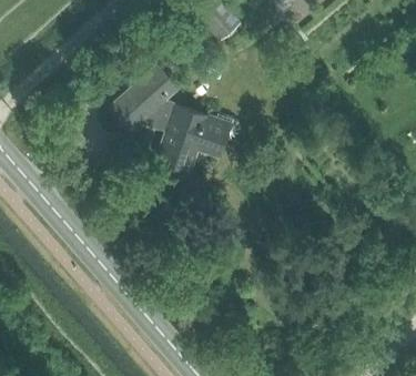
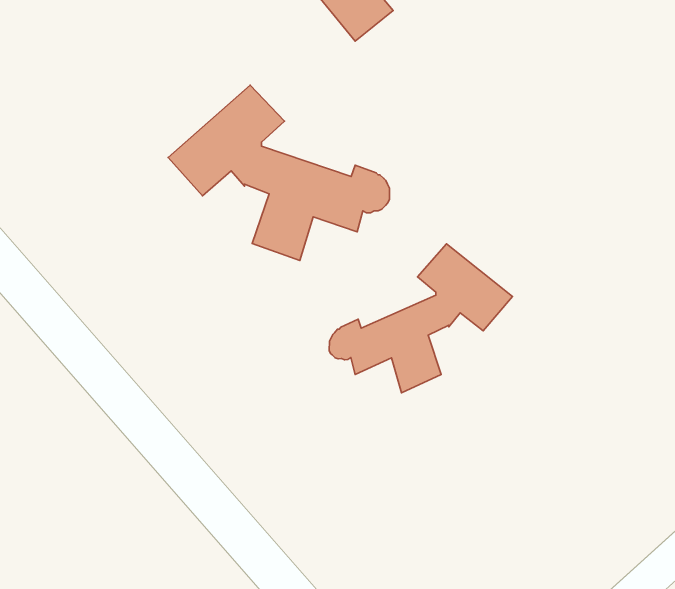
building: none -> [329,244,513,393]

